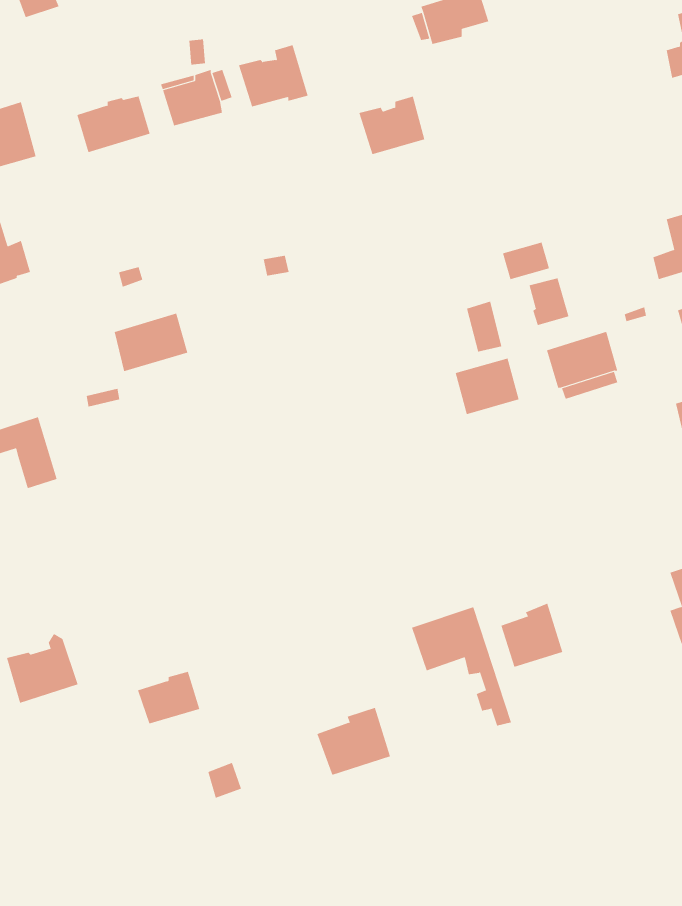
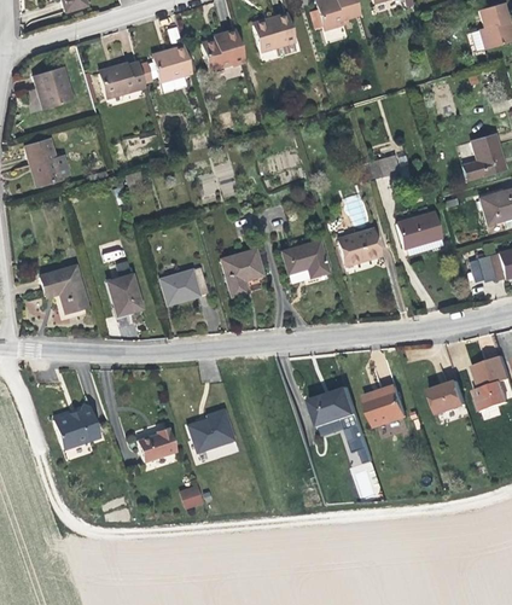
building: [358,96,425,155] -> [252,13,295,51]
building: [529,277,569,326] -> none
building: [114,313,188,372] -> [161,267,208,304]
building: none -> [283,240,328,283]
building: none -> [221,249,262,296]
building: none -> [106,274,141,315]
building: none -> [430,380,466,414]
building: [317,707,391,775] -> [187,408,234,452]

